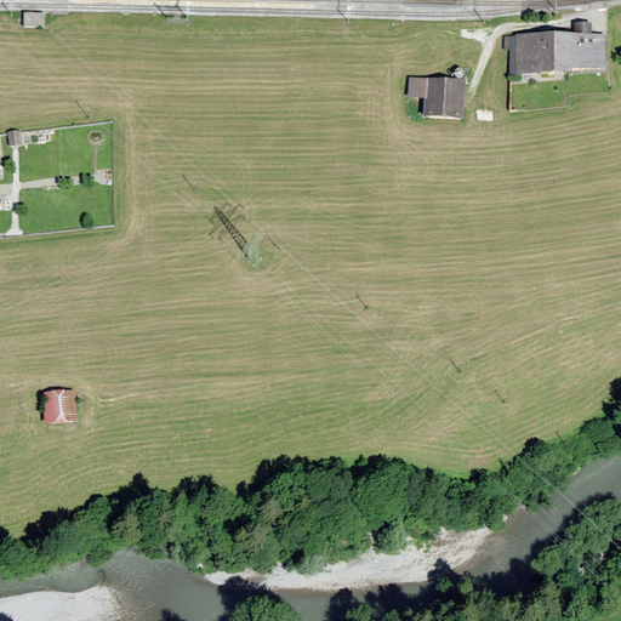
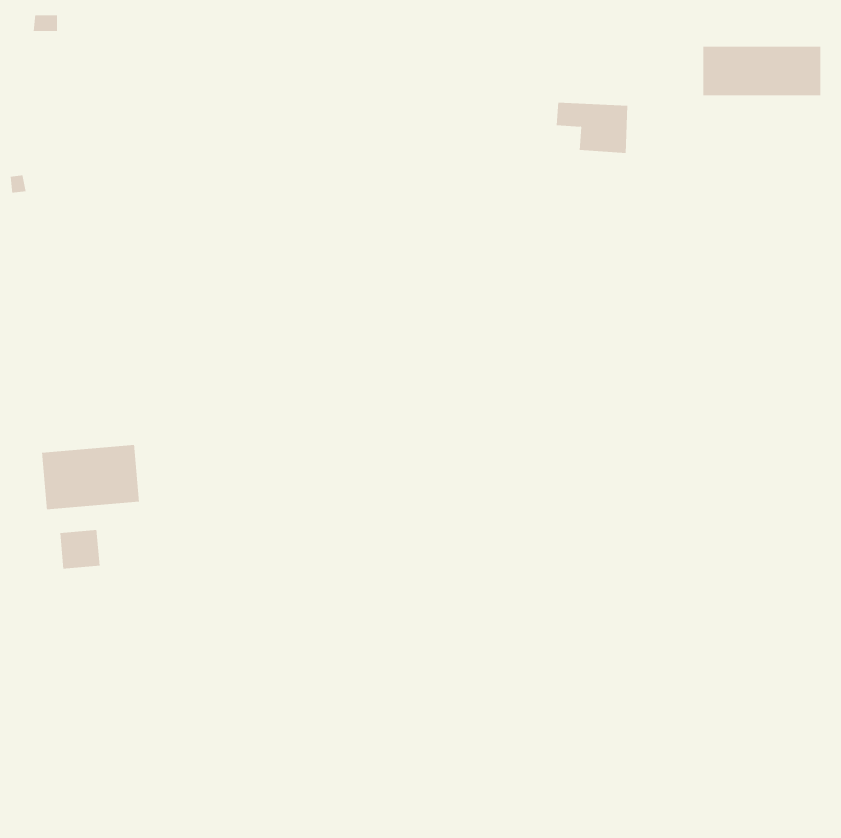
building: none -> [41,444,139,510]

